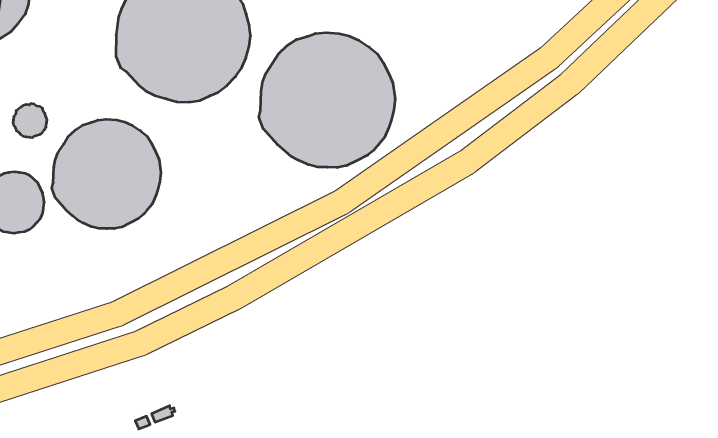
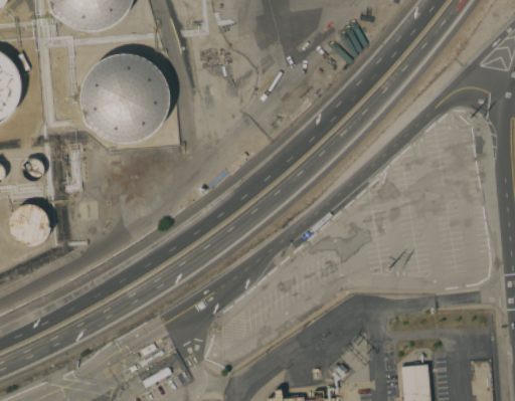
building: [259,33,395,168] -> none
building: [52,119,161,229] -> none

